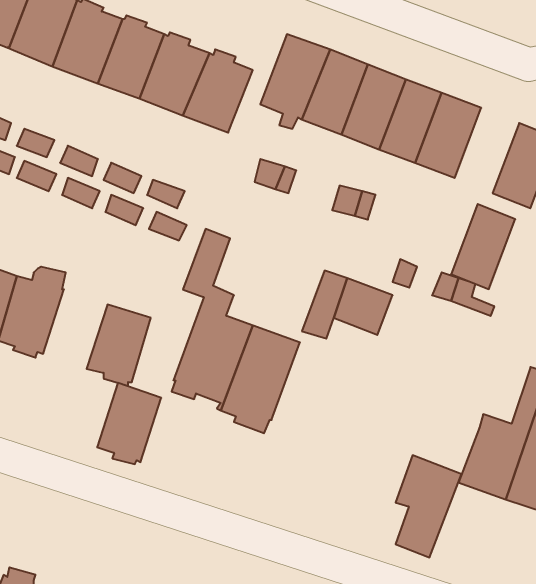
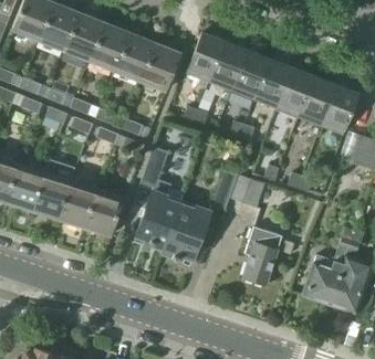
building: [451,204,515,289] -> [300,75,337,125]
building: [97,383,161,464] -> [59,181,96,229]
building: [396,455,462,557] -> [243,224,282,284]

